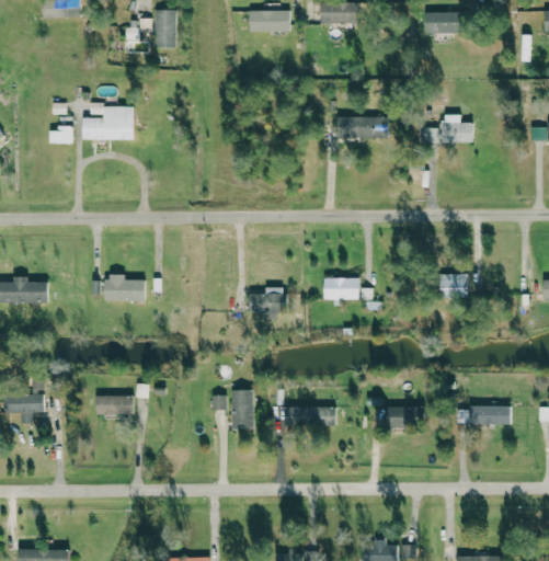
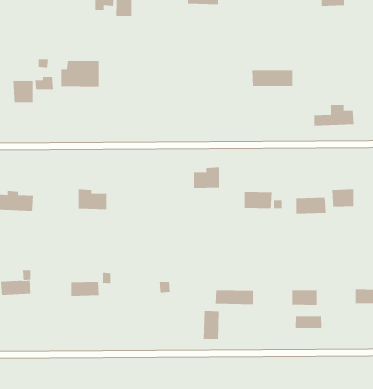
building: [420,115,473,144] -> [314,104,354,126]
building: none -> [13,80,33,103]
building: none -> [296,197,326,215]
building: [249,287,284,316] -> [193,167,220,189]
building: [231,390,253,428] -> [203,310,220,340]
building: none -> [295,315,322,329]

